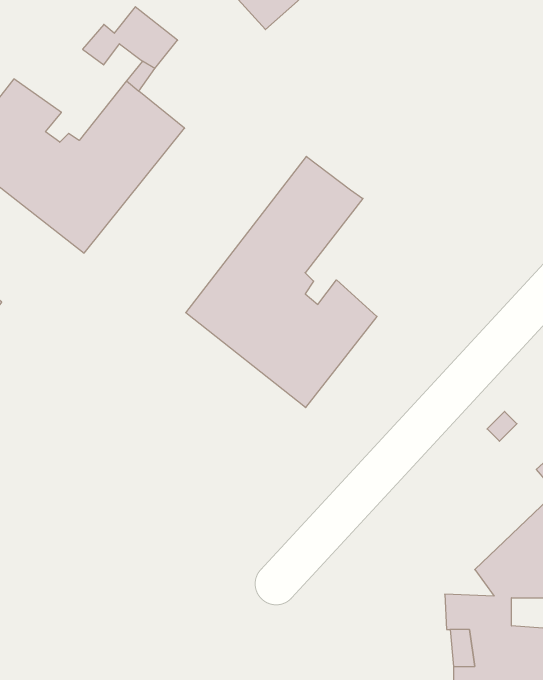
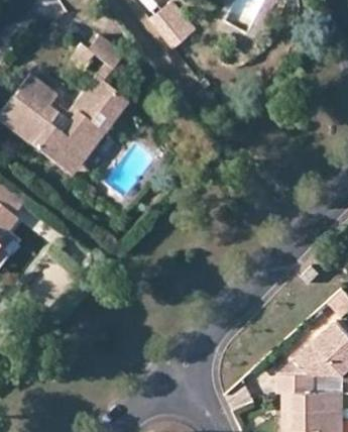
building: [186,156,377,408] -> none

